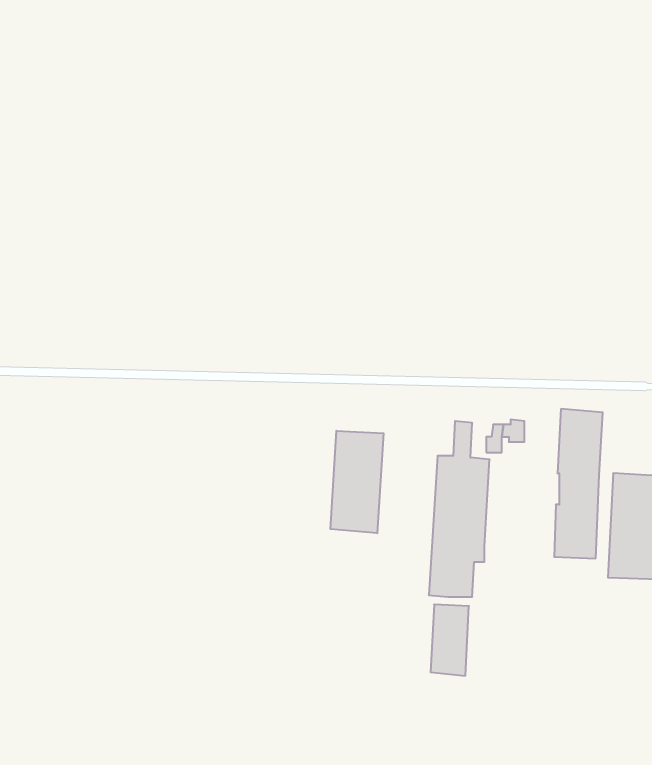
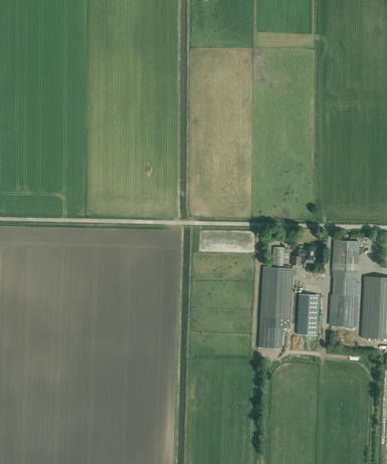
building: [330,431,384,533] -> none
building: [431,604,469,676] -> [296,294,318,335]

